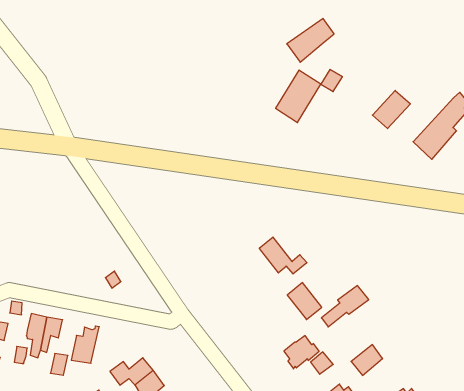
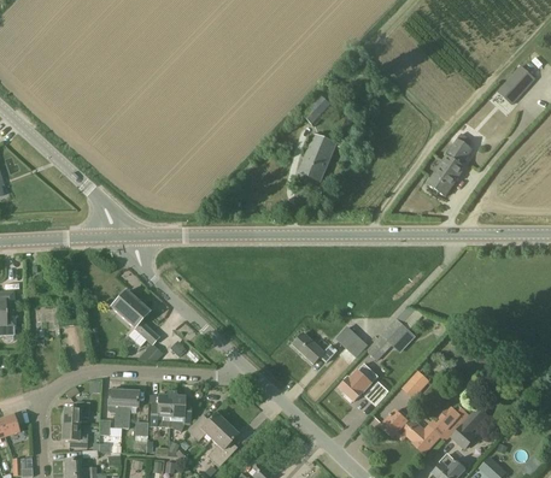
building: [372,90,410,129] -> none
building: none -> [110,290,160,344]
building: [259,237,307,274] -> [293,332,338,364]
building: none -> [169,391,194,430]

